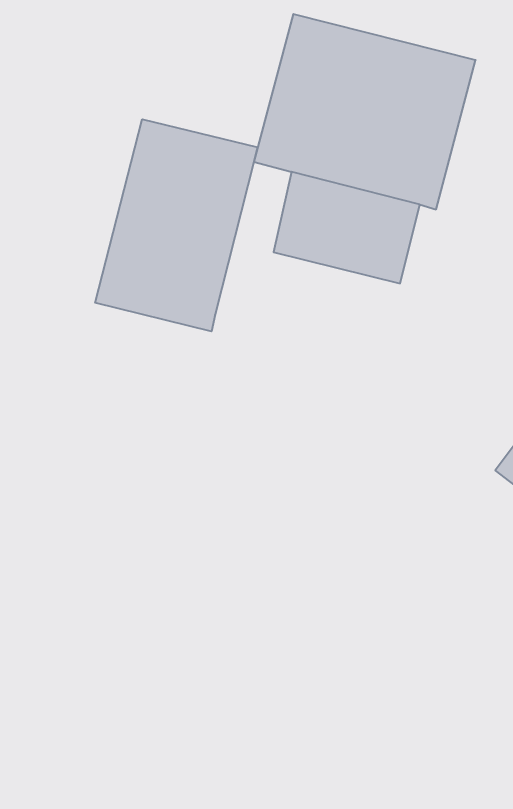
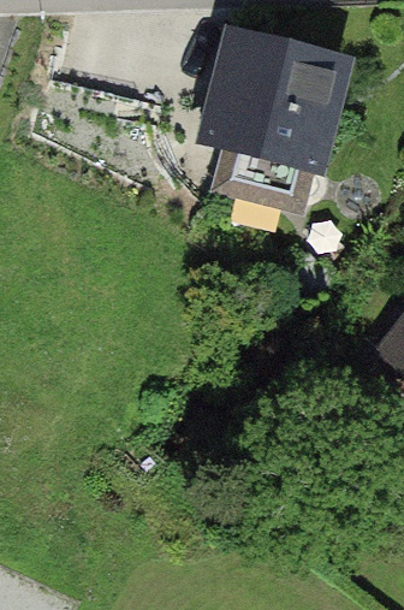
building: [95,119,257,331] -> none

